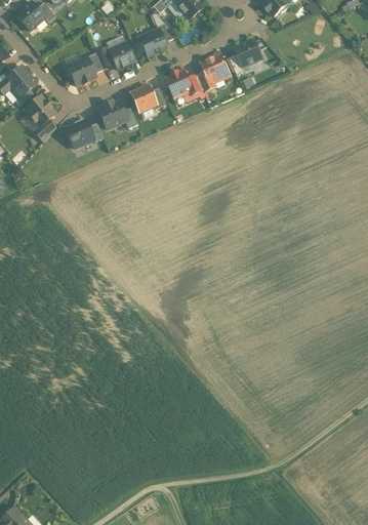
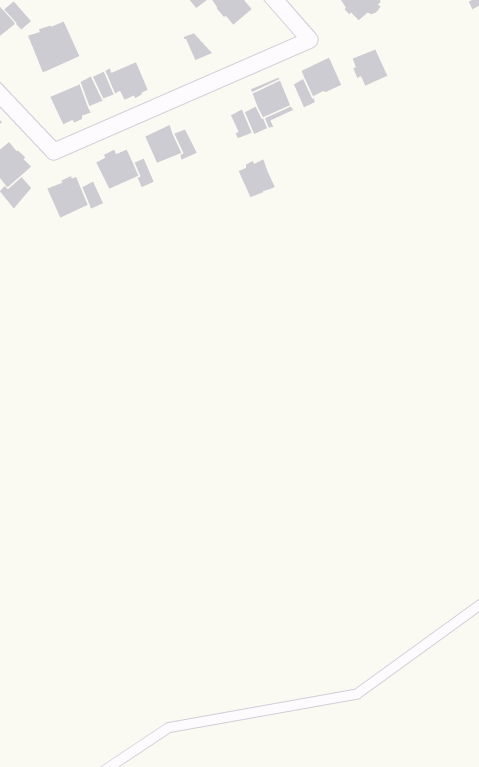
building: none -> [27,20,80,73]
building: [138,28,166,55] -> none
building: none -> [351,48,388,87]
building: [167,70,193,96] -> [238,158,276,198]

